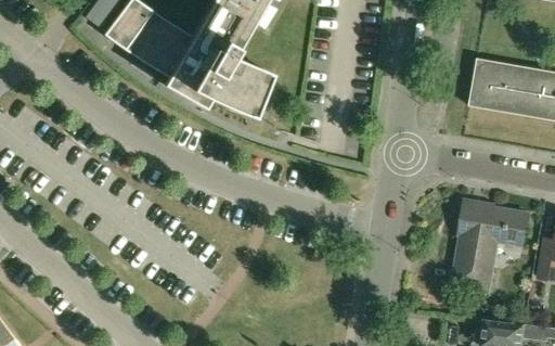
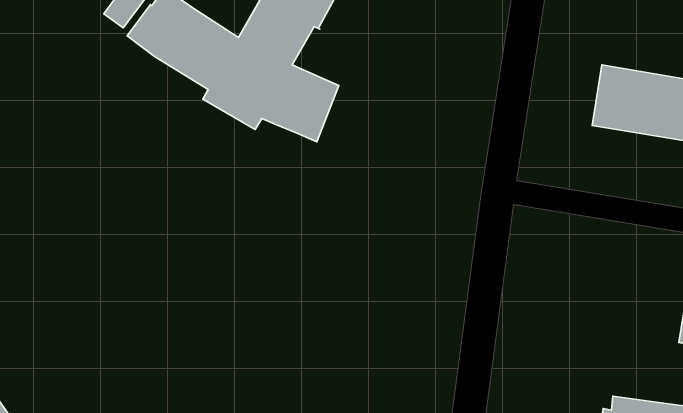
building: [452,200,529,292] -> none

